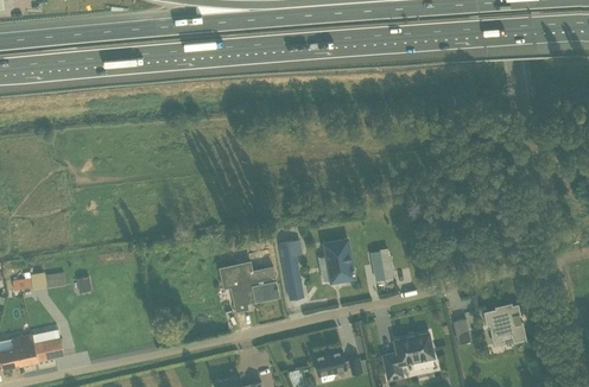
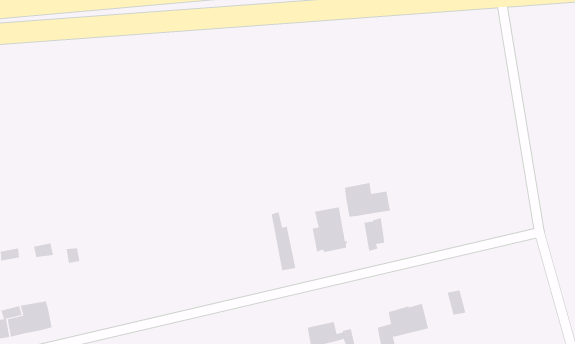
building: none -> [344,182,391,217]
building: [218,262,279,312] -> none
building: [482,303,526,345] -> none

